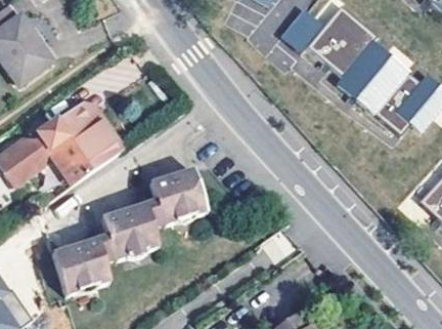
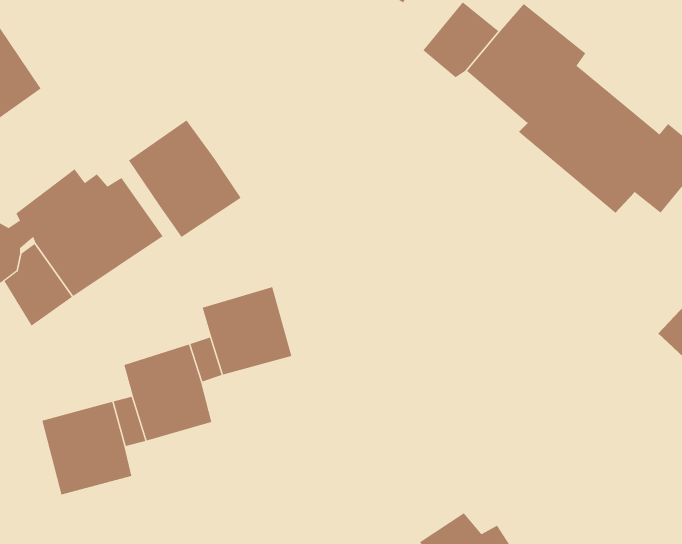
building: none -> [128,119,241,238]

